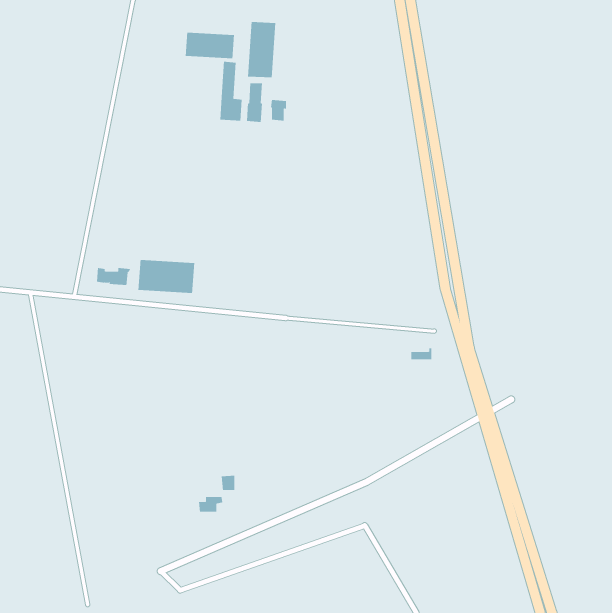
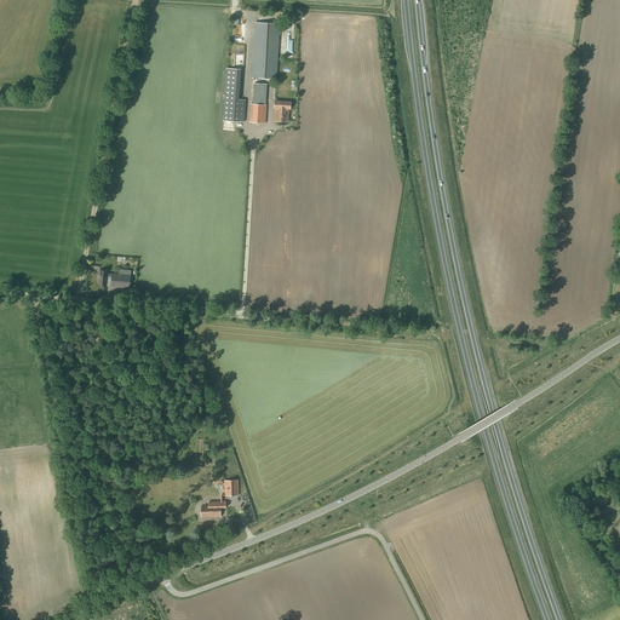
building: [185,32,235,59] -> none
building: [138,259,195,294] -> none

